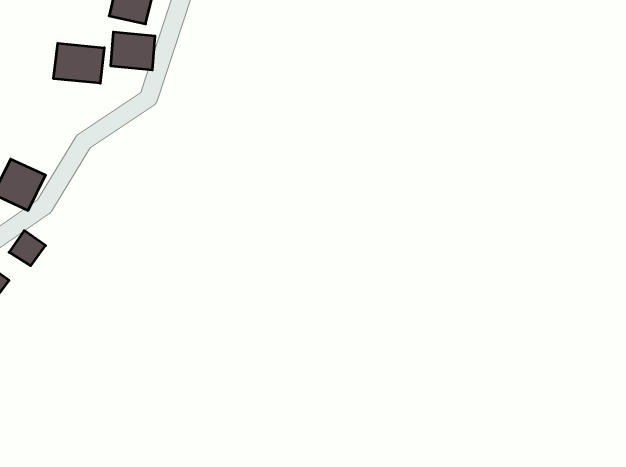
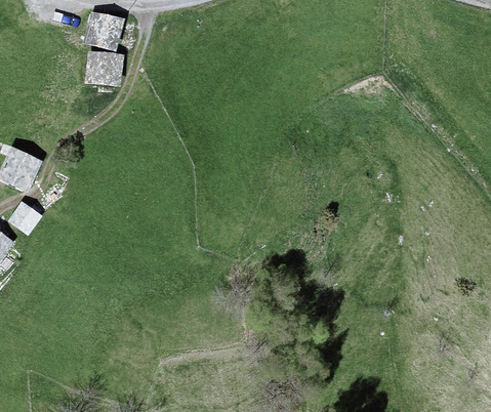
building: [54,43,104,83] -> none

